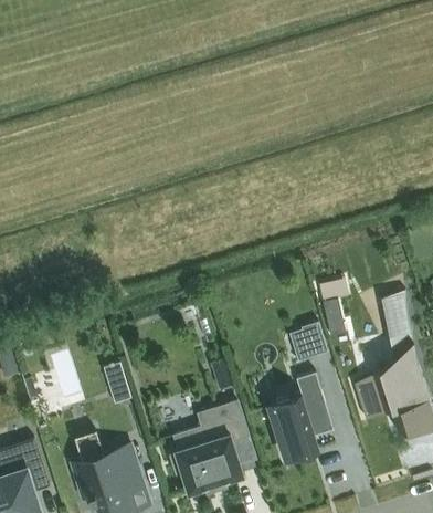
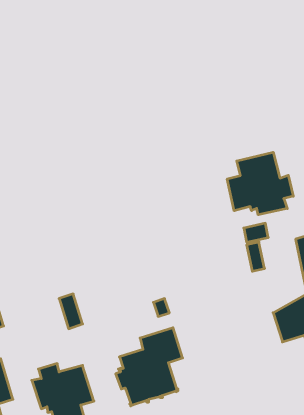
building: none -> [227,152,293,215]
building: [299,323,328,358] -> none
building: [271,373,335,461] -> none

